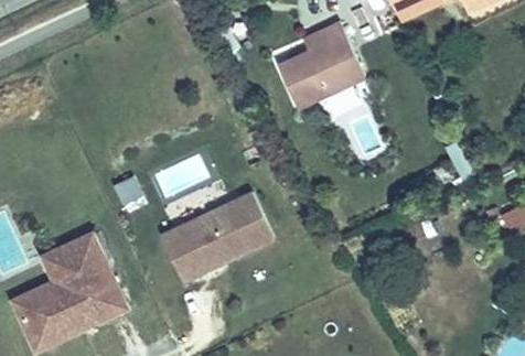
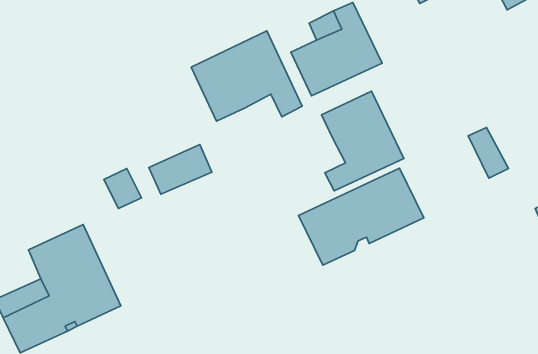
building: none -> [191,31,302,121]
building: none -> [322,91,404,191]
building: [160,190,274,278] -> [299,168,424,265]

